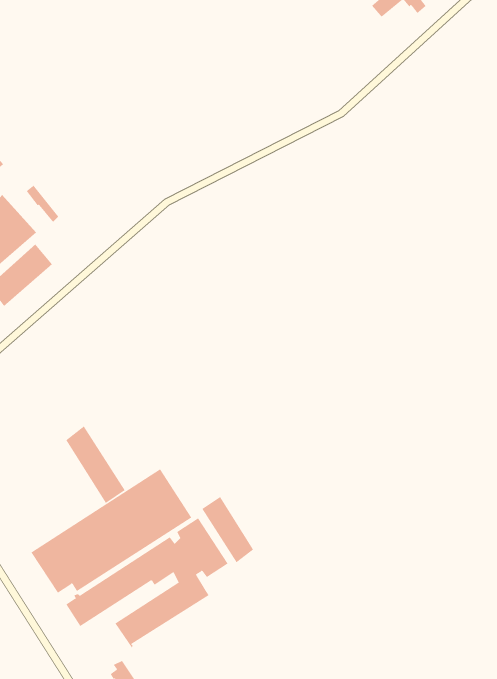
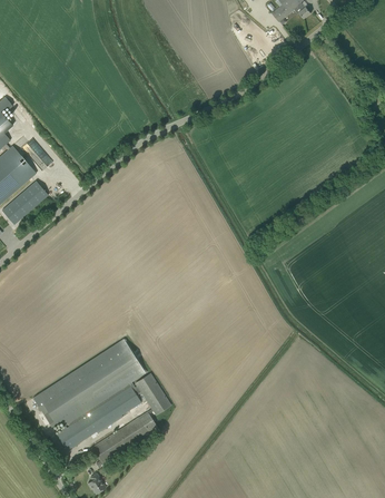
building: [65,426,126,504] -> none
building: [201,496,254,563] -> none

